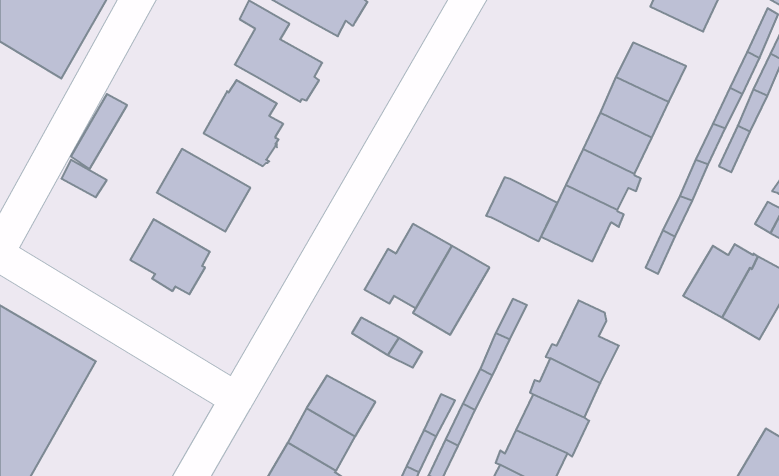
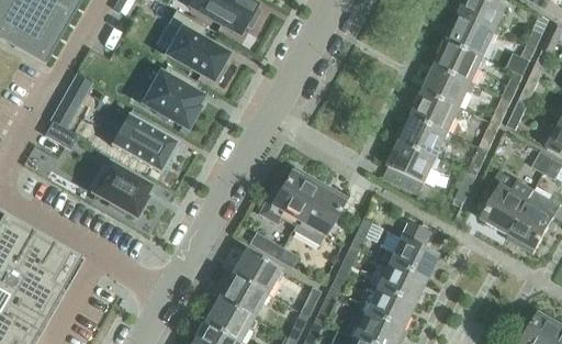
building: none -> [447,13,496,55]
building: [486,177,557,241] -> none
building: none -> [232,247,280,291]

